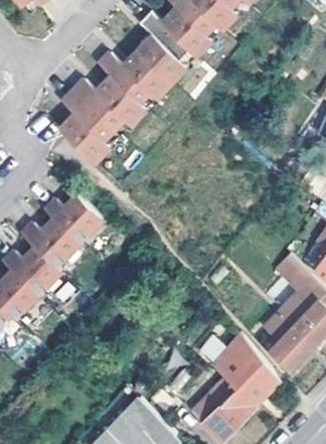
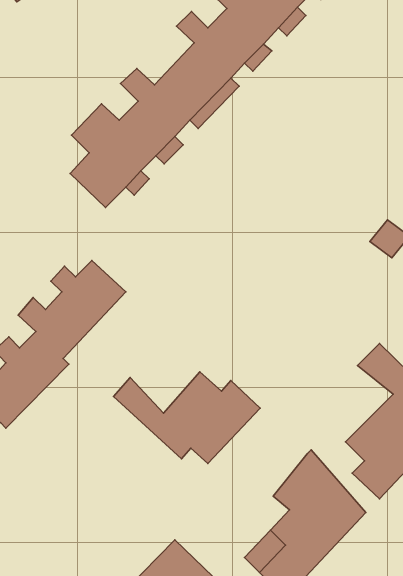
building: none -> [113,372,260,463]

